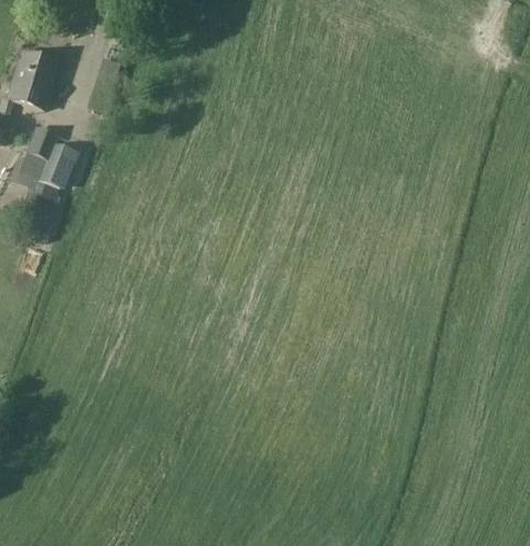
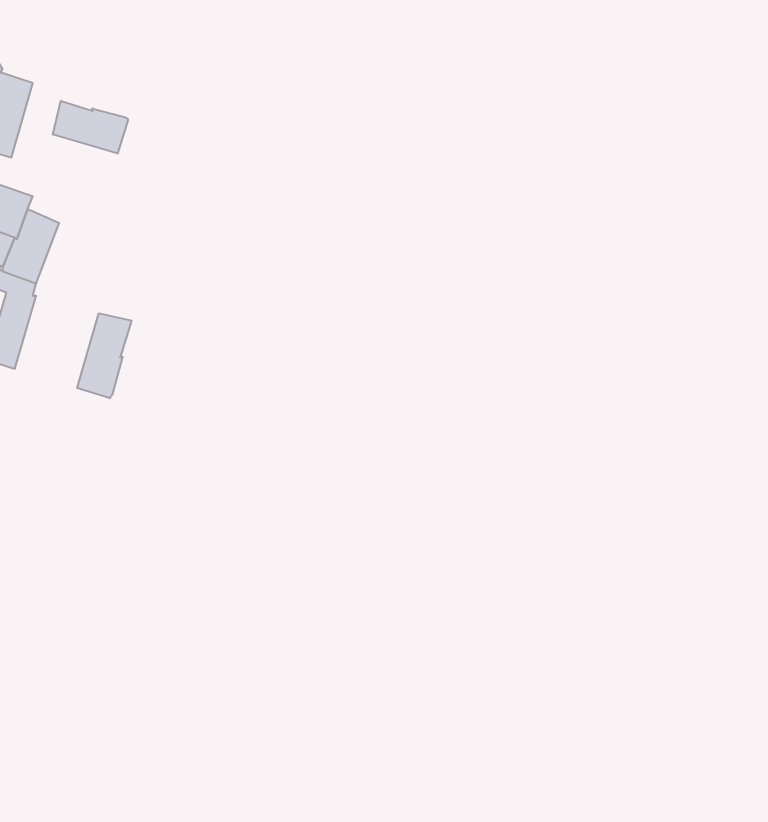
building: none -> [53,101,128,154]
building: none -> [77,313,132,398]

